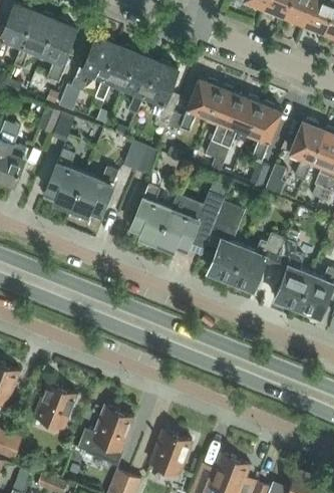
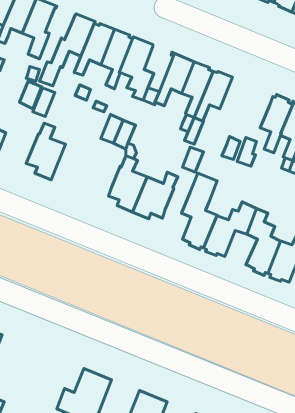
building: [247,102,281,161] -> none
building: [70,168,116,216] -> none
building: [34,385,76,429] -> none

